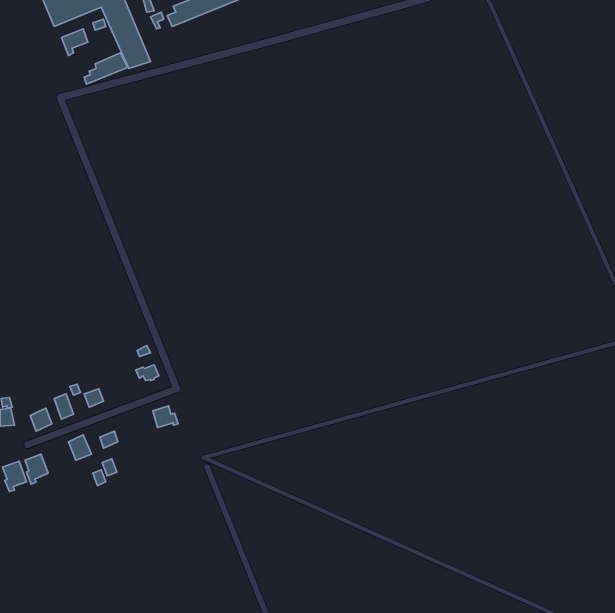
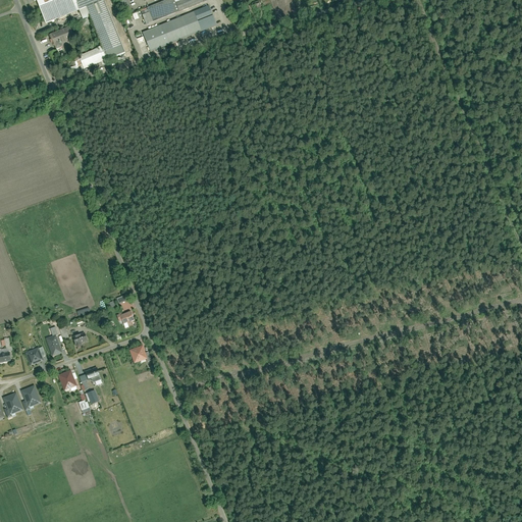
building: none -> [142,4,216,50]

